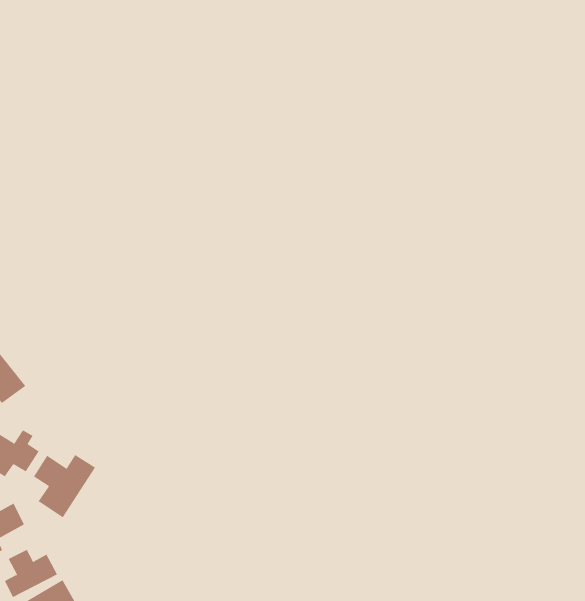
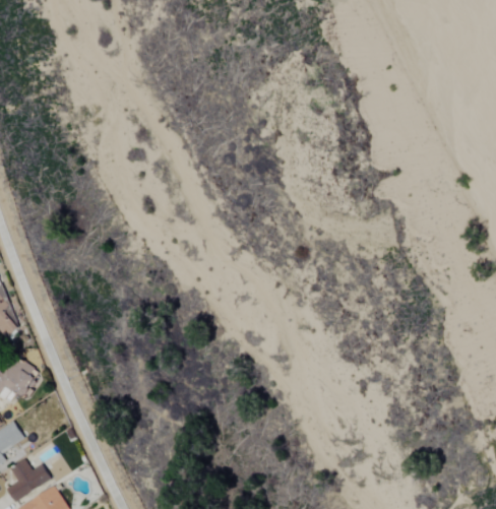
building: [33,454,96,518] -> none

